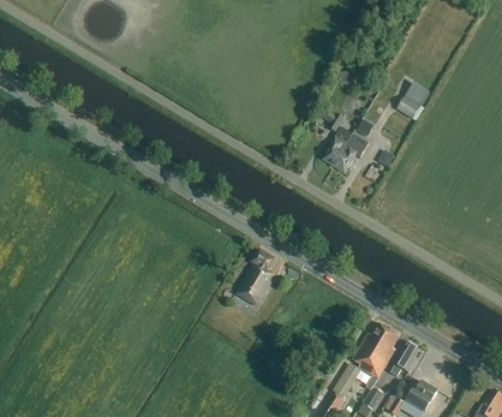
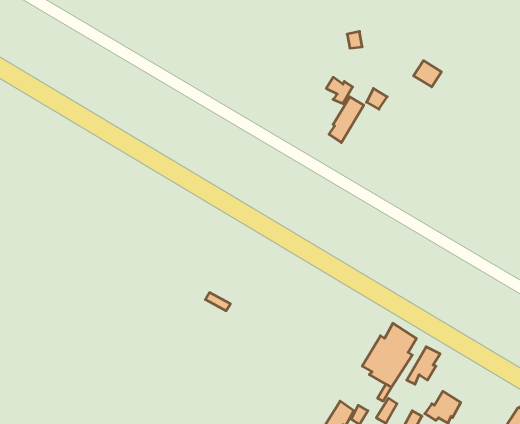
building: [334,133,369,172] -> none
building: [235,249,274,305] -> none

